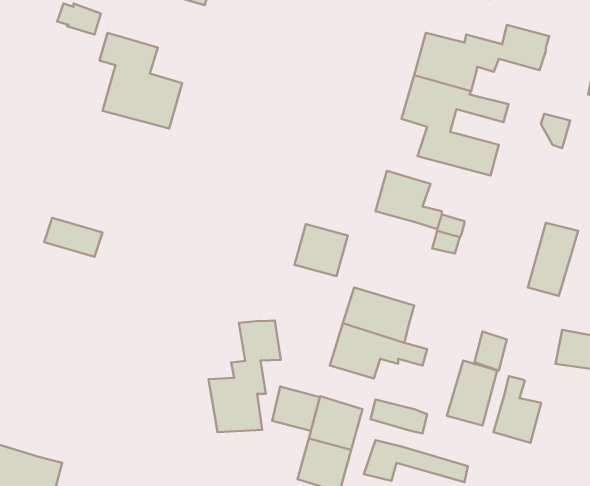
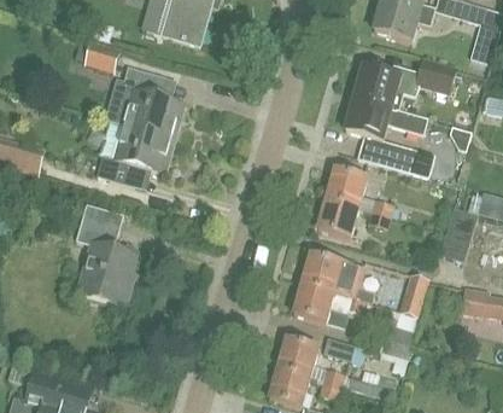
building: none -> [95,124,172,186]
building: [294,224,348,276] -> [317,199,357,238]
building: none -> [76,244,138,308]
building: [208,320,281,432] -> none
building: [493,376,541,443] -> none
building: [272,386,320,431] -> none

